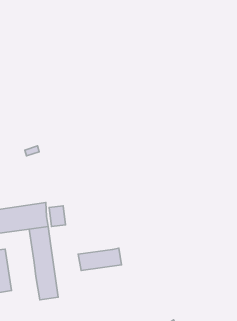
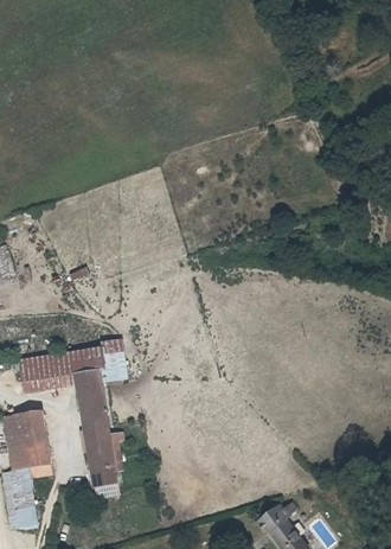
building: [78,248,121,270] -> none

